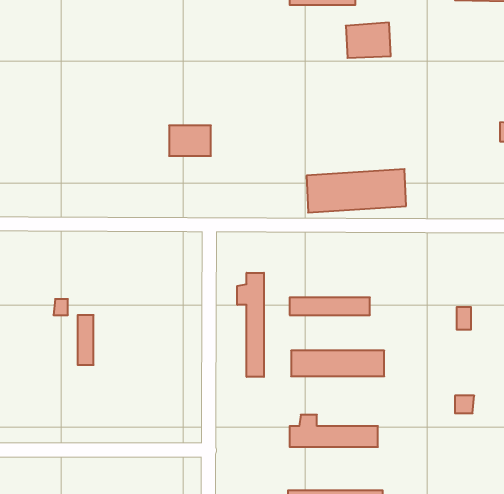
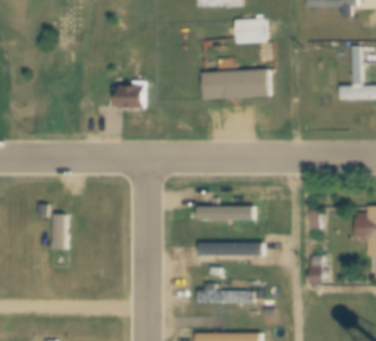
building: [307,169,406,213] -> [200,70,268,100]
building: [237,273,264,377] -> none

